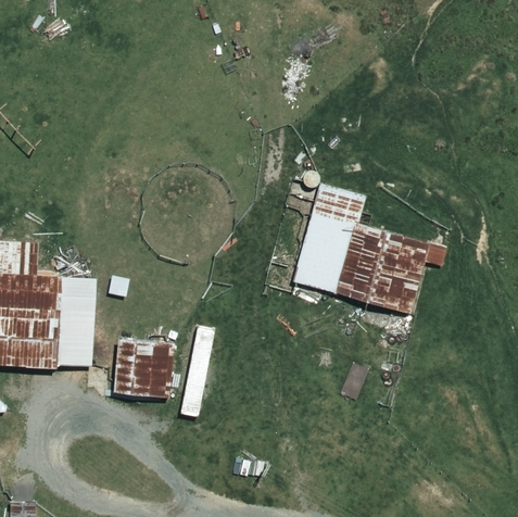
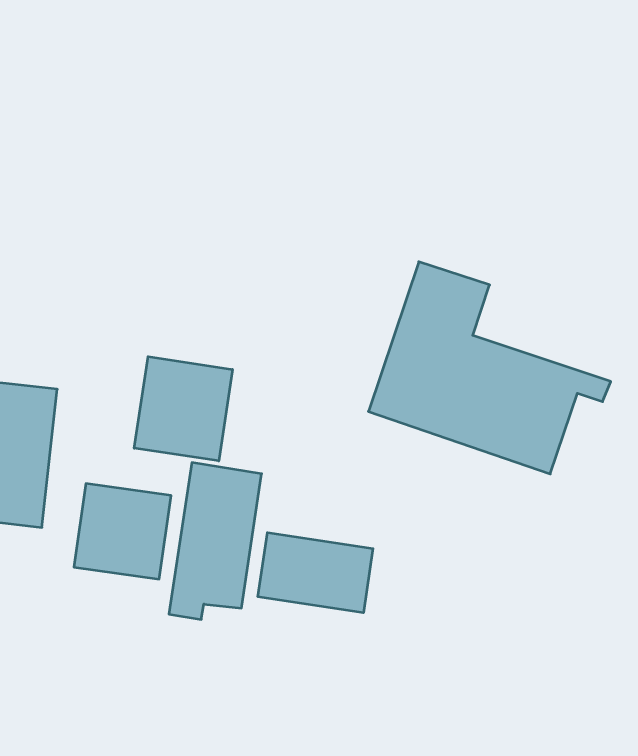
building: none -> [134,357,232,461]
building: none -> [258,533,373,613]

